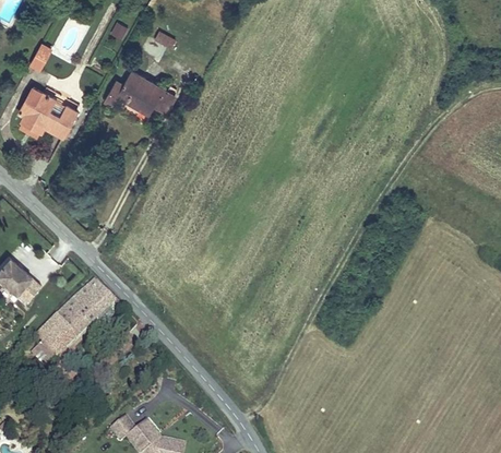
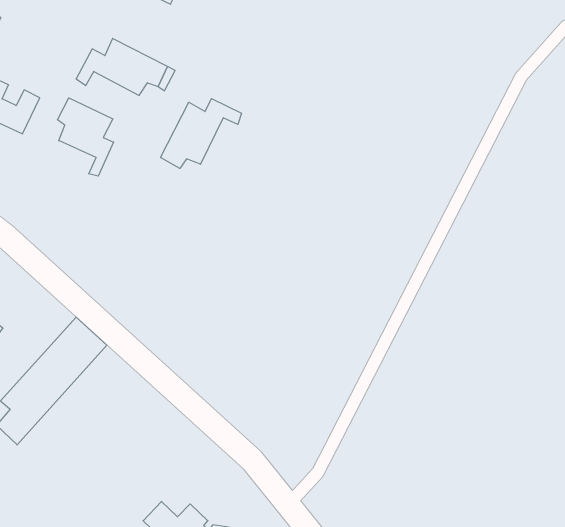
building: none -> [57,98,114,176]
building: none -> [161,99,242,168]

